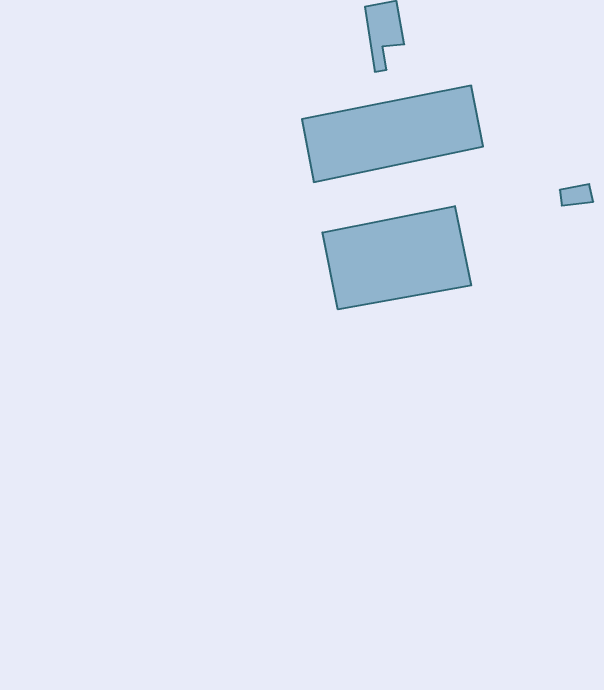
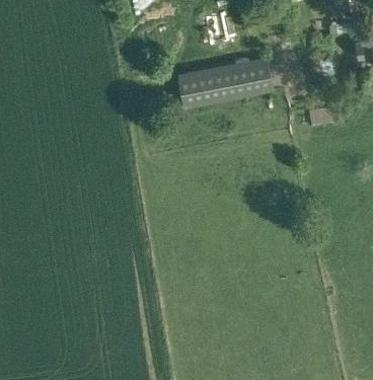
building: [322,206,471,309] -> none

